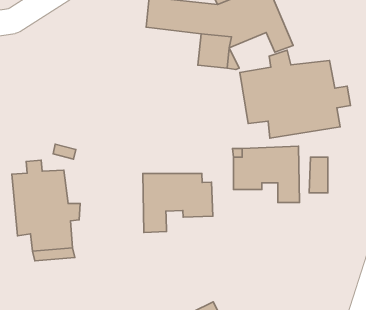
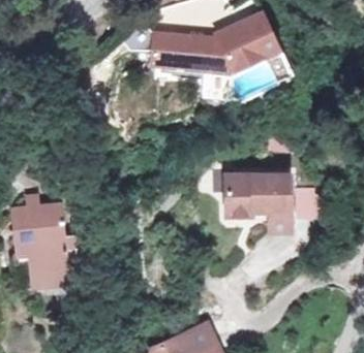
building: [240,50,351,138] -> none
building: [143,174,213,232] -> none

